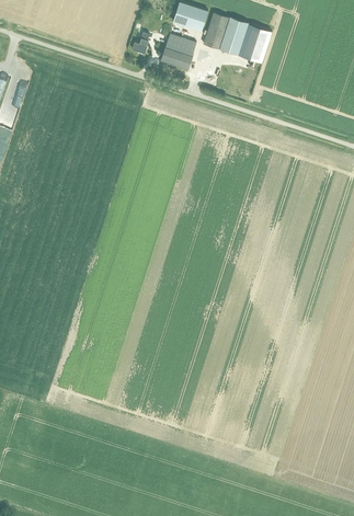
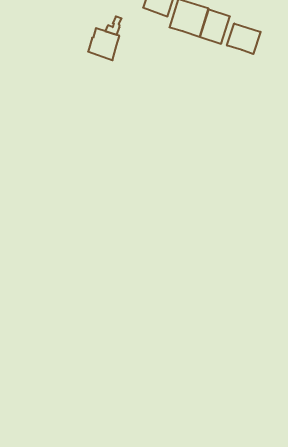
building: [160,34,195,70] -> [88,28,119,60]
building: none -> [227,23,261,54]

